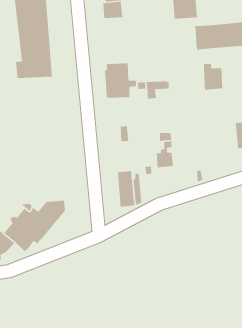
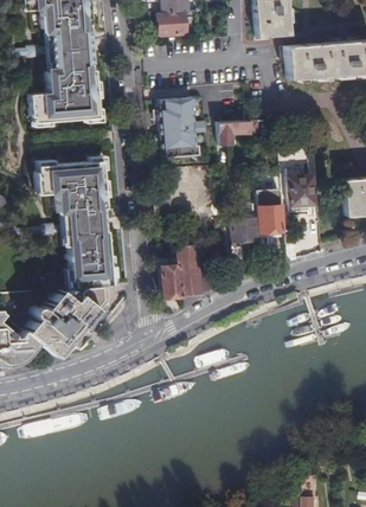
building: [203,63,223,91] -> [289,169,316,207]
building: none -> [37,161,110,289]
building: none -> [258,190,284,233]
building: none -> [162,265,184,299]

